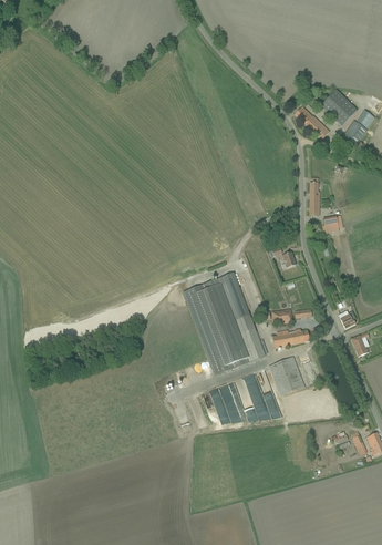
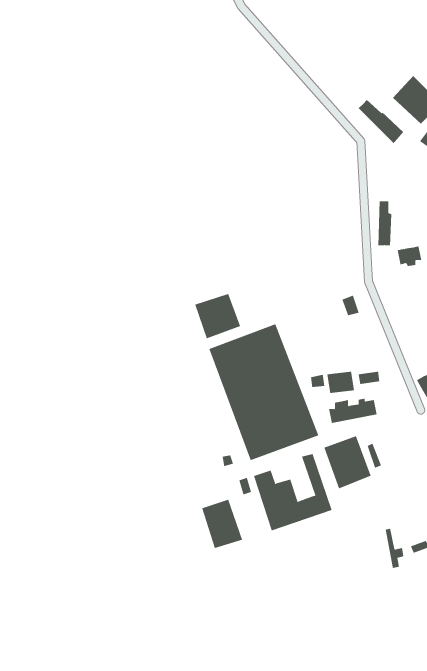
building: none -> [195,293,241,339]
building: none -> [202,499,243,549]

